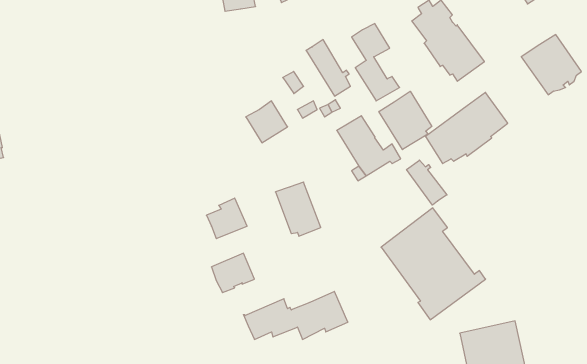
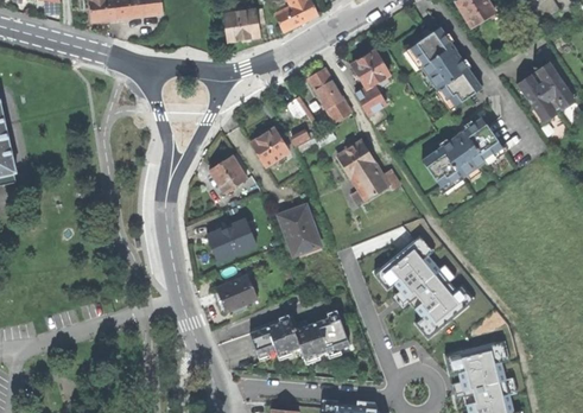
building: [379,91,432,150] -> none
building: none -> [209,154,246,192]
building: [407,160,447,205] -> none

